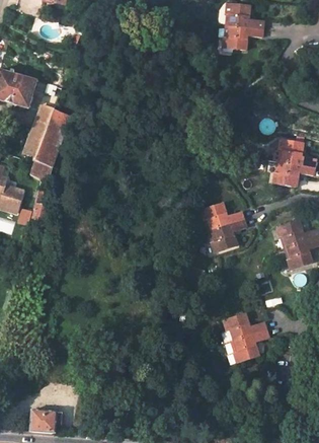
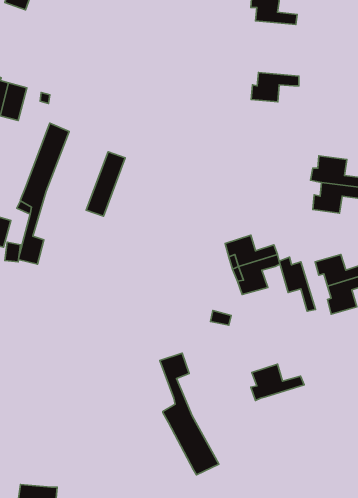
building: [220,24,259,49] -> [251,73,299,102]
building: [20,109,53,163] -> [86,152,125,216]
building: none -> [279,257,315,311]
building: none -> [160,353,219,475]
building: [233,327,268,361] -> none

